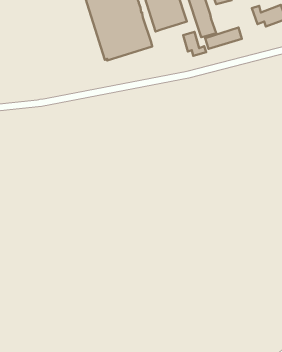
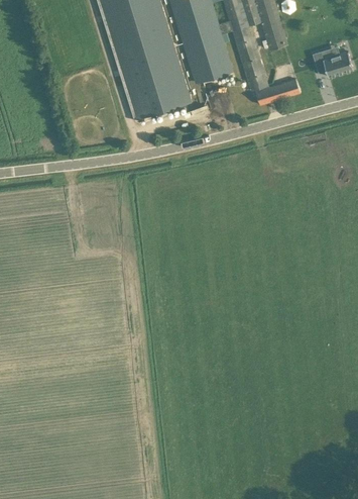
building: [183,32,206,56] -> none

